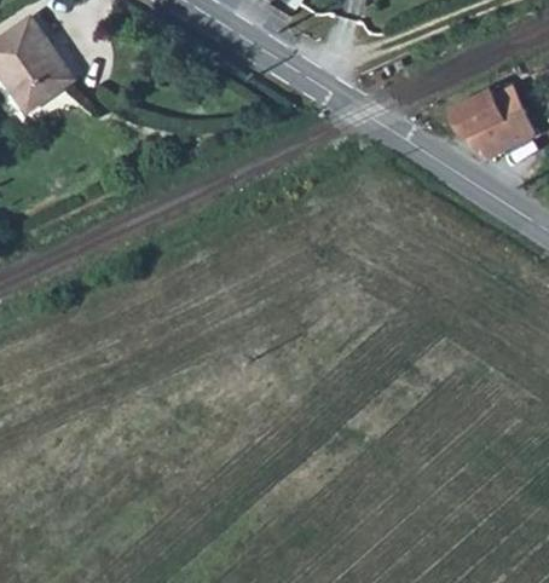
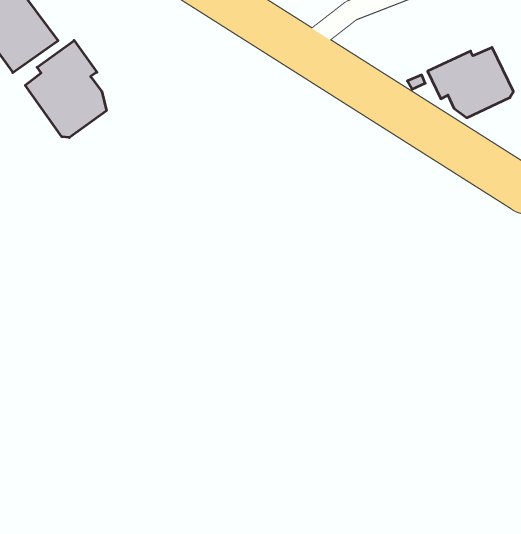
building: none -> [25,40,106,138]

